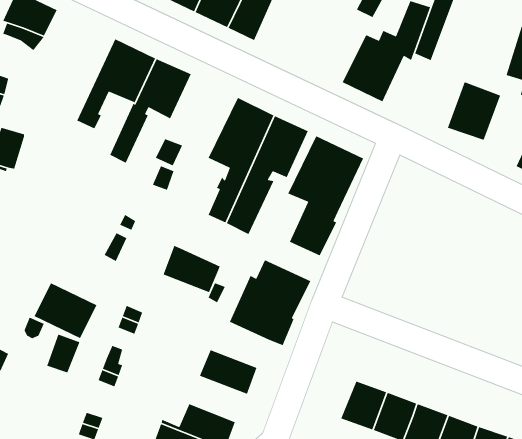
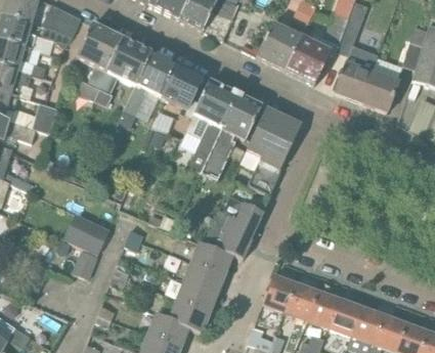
building: none -> [256,20,302,70]
building: none -> [76,23,122,97]
building: none -> [333,58,373,102]
building: none -> [162,63,202,113]
building: [162,245,221,293] -> [190,239,232,274]
building: none -> [262,275,295,311]
building: none -> [175,280,217,313]

